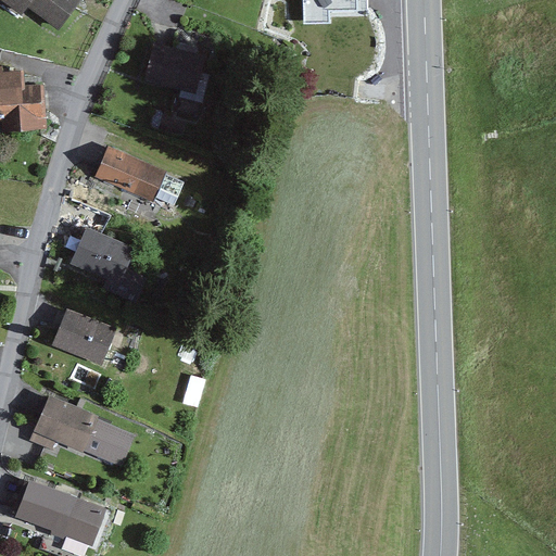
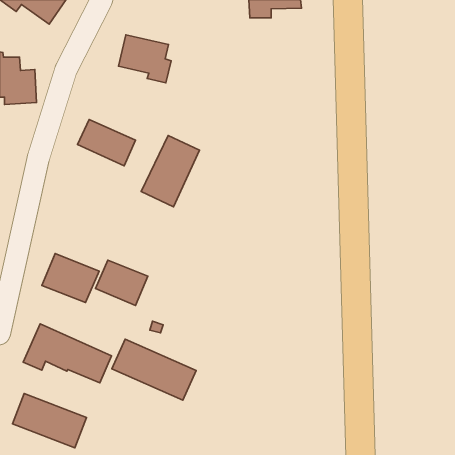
building: none -> [141,136,200,207]
building: [71,228,135,283] -> [95,260,148,306]
building: none -> [112,339,196,400]

